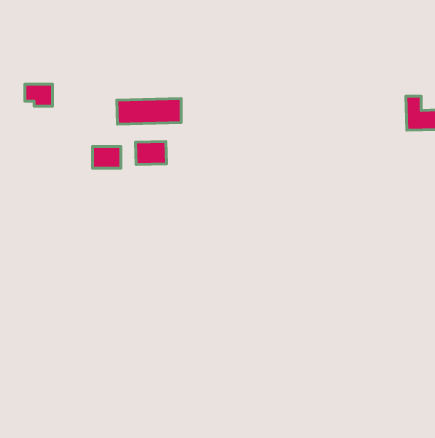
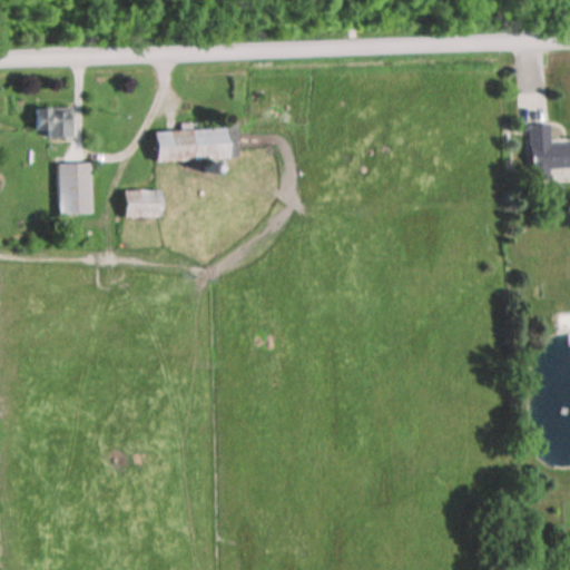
building: none -> [60,164,94,214]
building: [136,141,166,164] -> none

